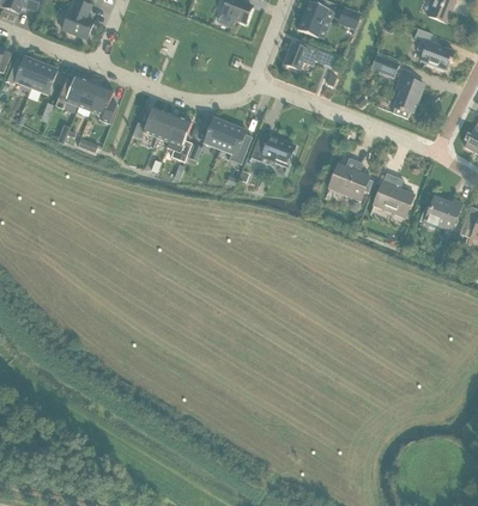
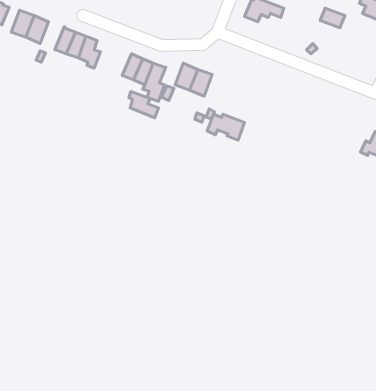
building: [391,73,423,117] -> none
building: [250,135,294,165] -> [207,114,244,140]
building: none -> [129,91,159,118]
building: [327,157,371,199] -> none
building: [373,171,412,217] -> none

